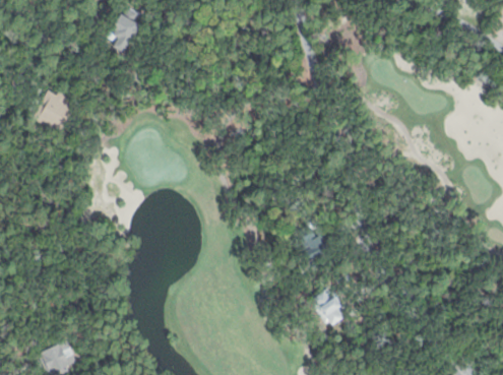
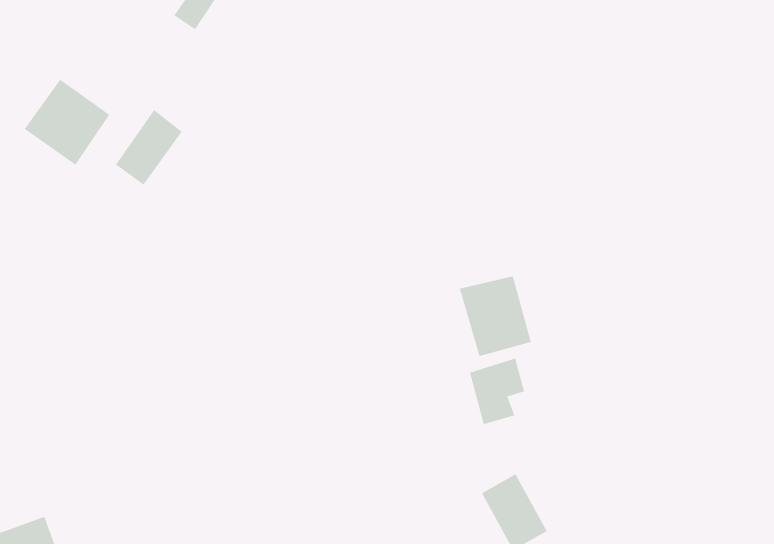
building: none -> [115,109,182,186]
building: none -> [459,275,531,357]

